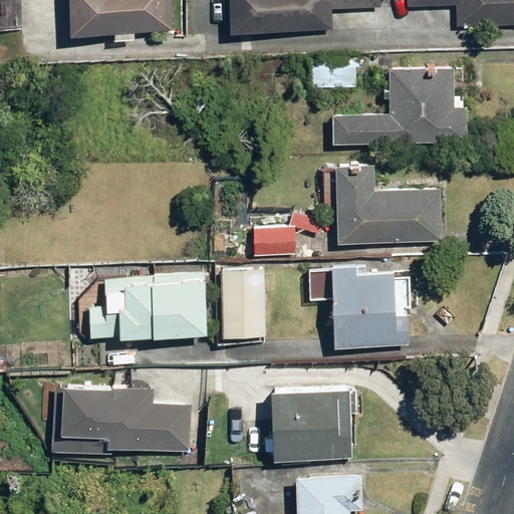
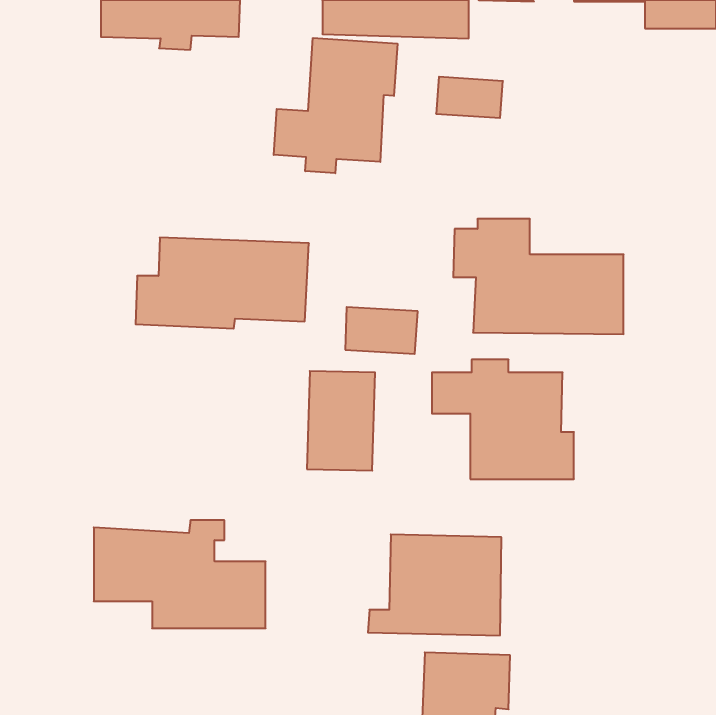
building: none -> [274,38,397,173]
building: [332,65,469,149] -> none
building: [86,275,209,339] -> [136,238,309,329]

